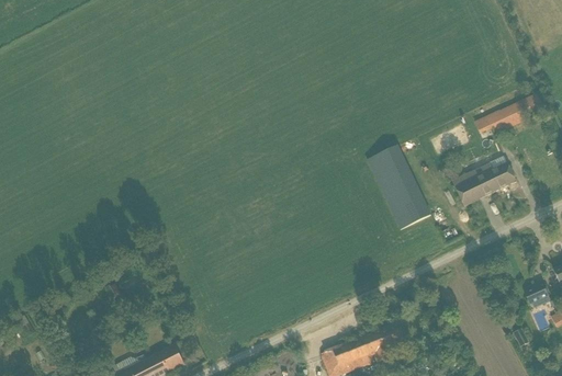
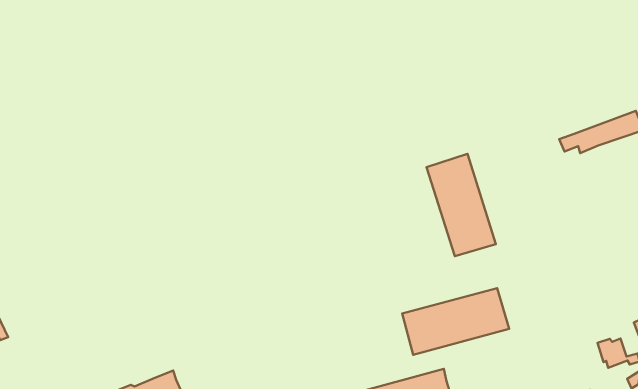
building: [451,164,515,205] -> none
building: none -> [402,288,509,355]

